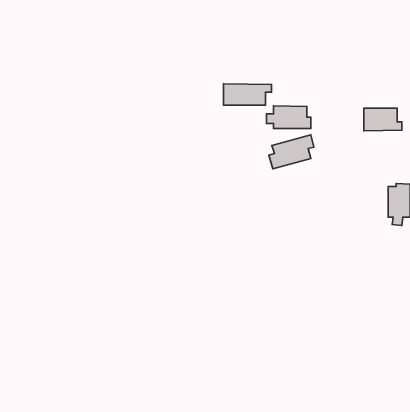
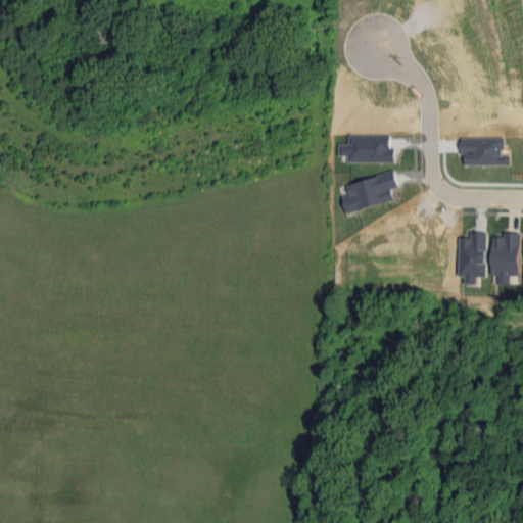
building: [223,84,271,105] -> none
building: none -> [458,233,486,286]

